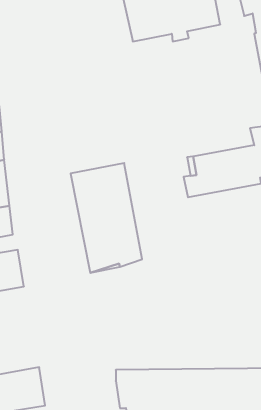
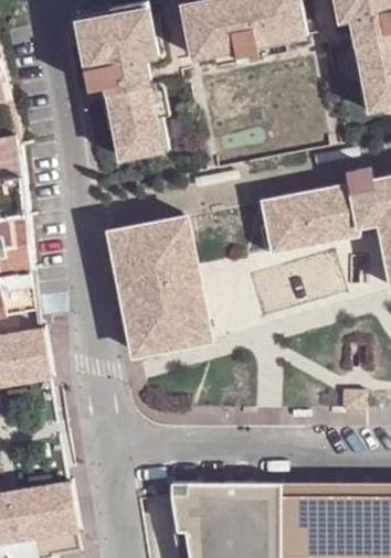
building: none -> [82,9,169,158]

